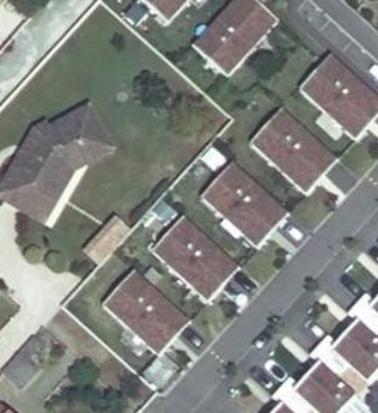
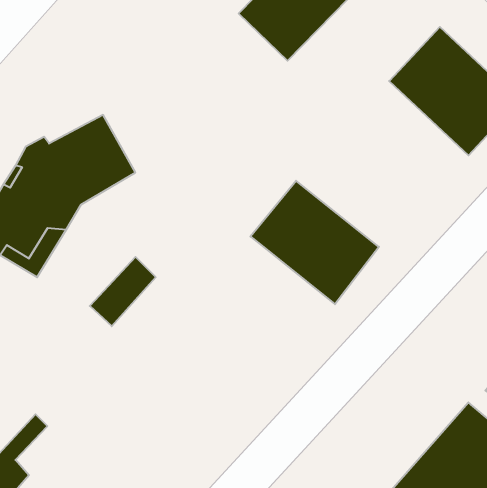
building: [246,104,337,194] -> none
building: [150,213,239,302] -> none
building: [100,266,190,356] -> none

